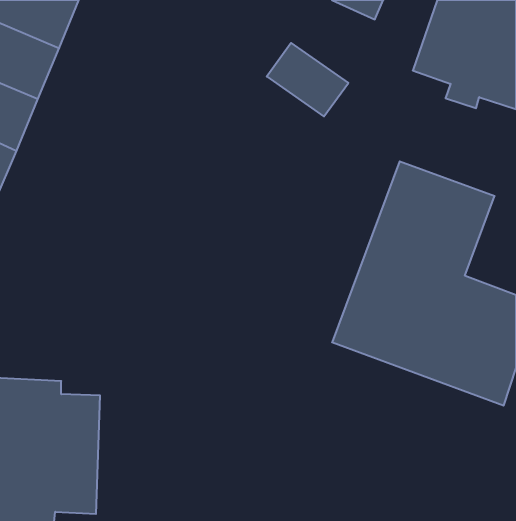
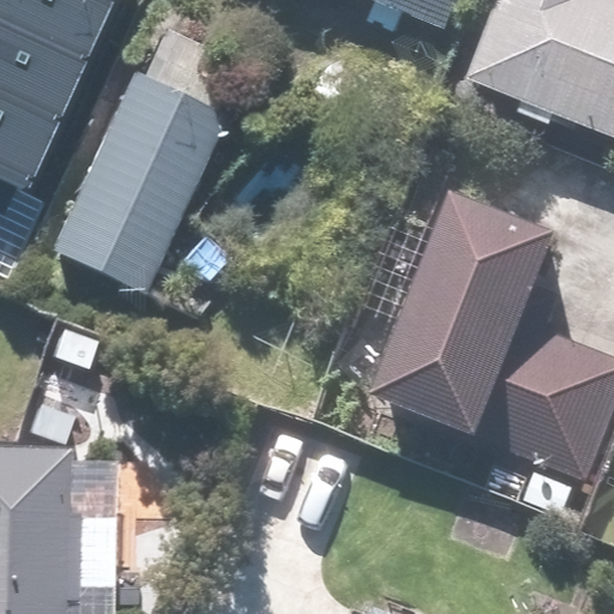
building: none -> [49,25,230,293]

